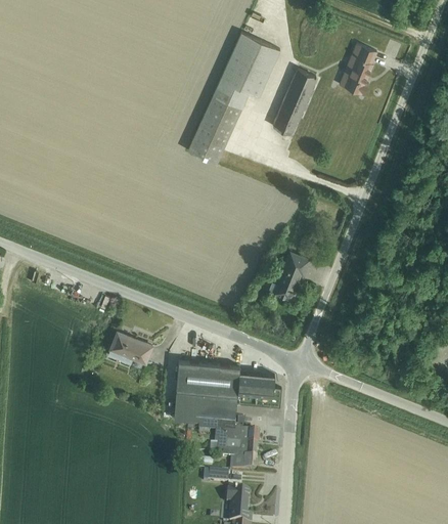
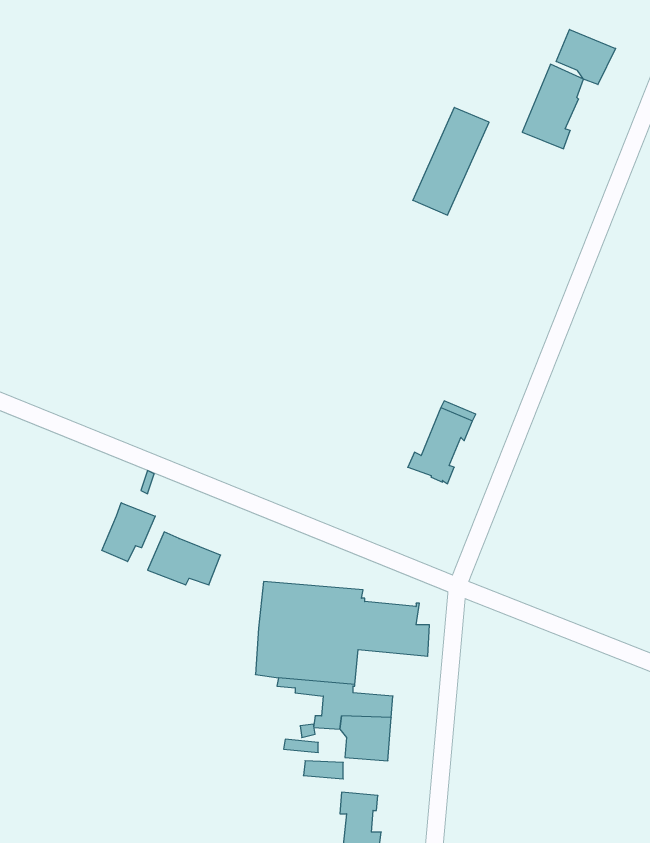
building: none -> [556,29,616,85]
building: [187,32,280,163] -> none
building: none -> [102,503,155,562]

